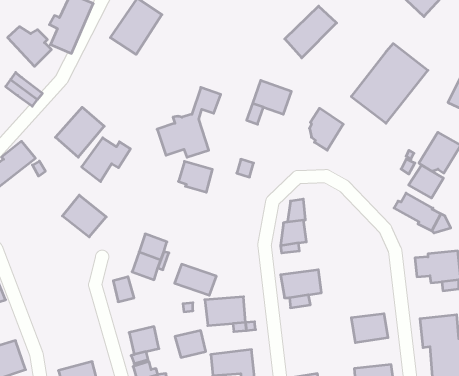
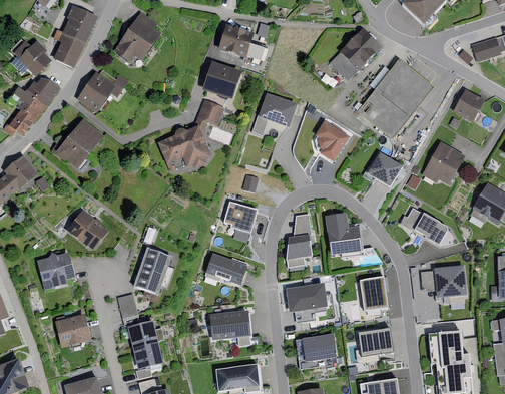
building: [285,6,337,58] -> [330,27,382,79]
building: none -> [218,24,254,57]
building: none -> [205,62,241,100]
building: none -> [25,78,60,106]
building: none -> [8,108,36,136]
building: [82,138,130,182] -> [82,70,131,114]
building: [178,161,212,192] -> [223,202,258,233]
building: [409,165,443,198] -> [367,152,402,185]
building: none -> [325,213,363,254]
building: none -> [36,252,74,290]
building: none -> [360,277,388,311]
building: [175,264,216,295] -> [205,254,247,285]
building: none -> [54,312,91,345]
building: none -> [295,334,336,369]
building: [175,331,206,357] -> [127,320,158,347]

